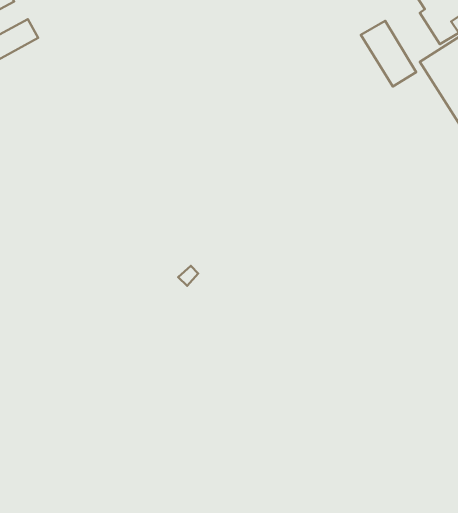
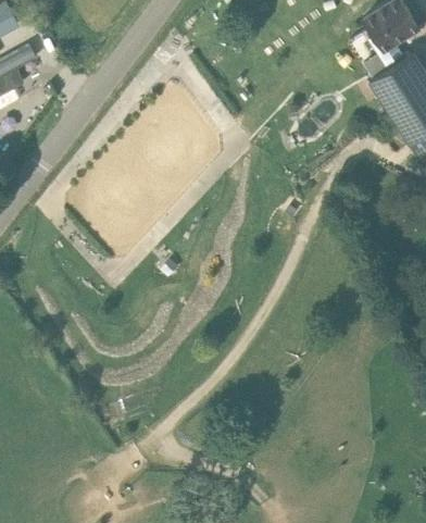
building: [361,21,416,87] -> none

